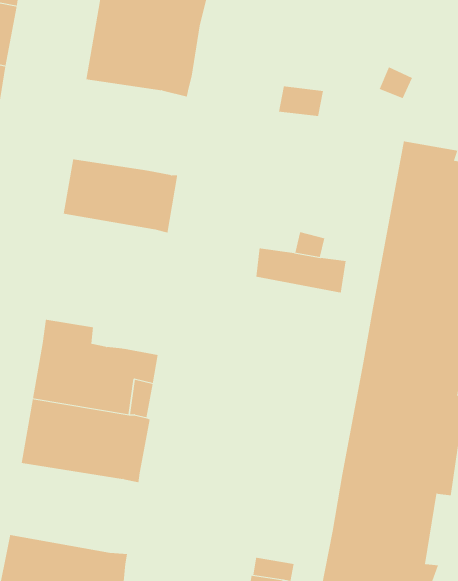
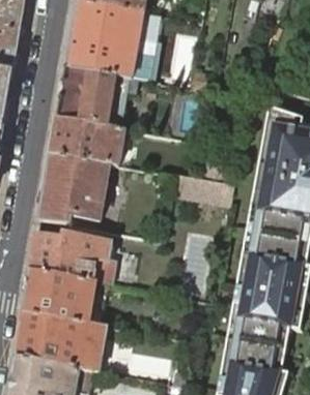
building: none -> [57,67,138,128]
building: none -> [39,153,110,225]
building: none -> [17,312,106,372]

